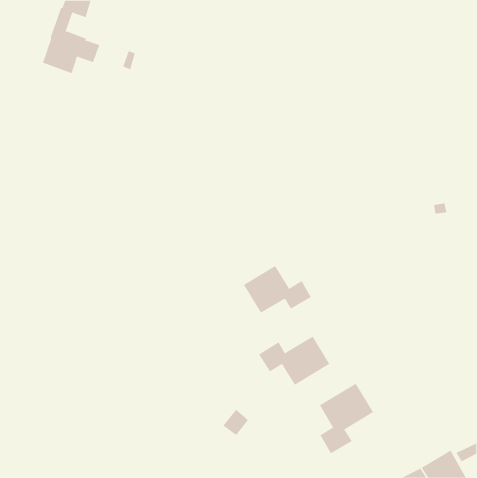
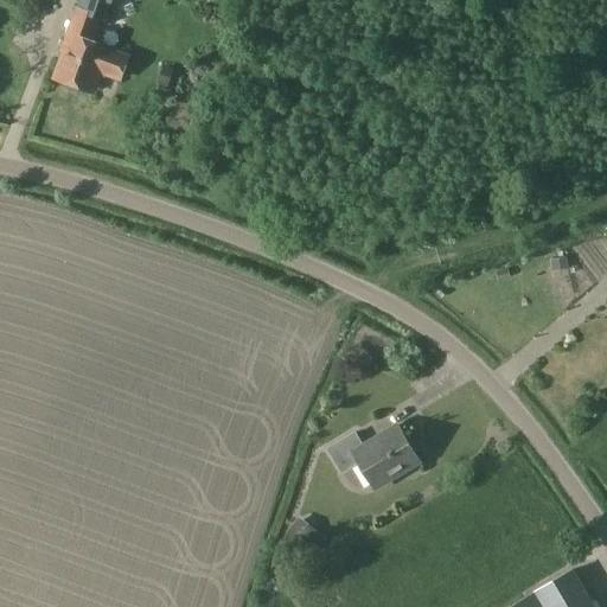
building: [243,265,312,314] -> none
building: [319,383,374,454] -> none

